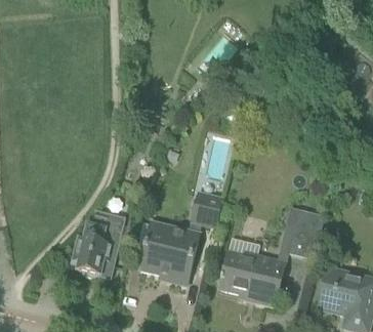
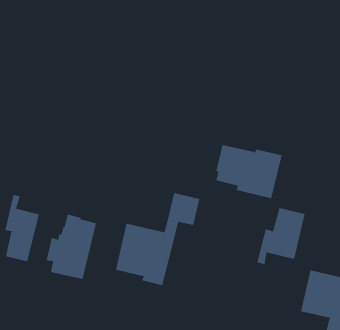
building: none -> [5,194,40,262]
building: [219,253,284,305] -> [215,145,283,199]

